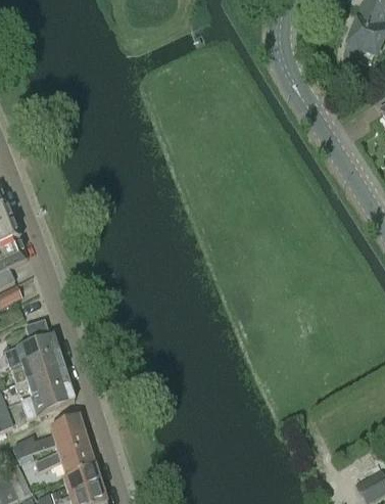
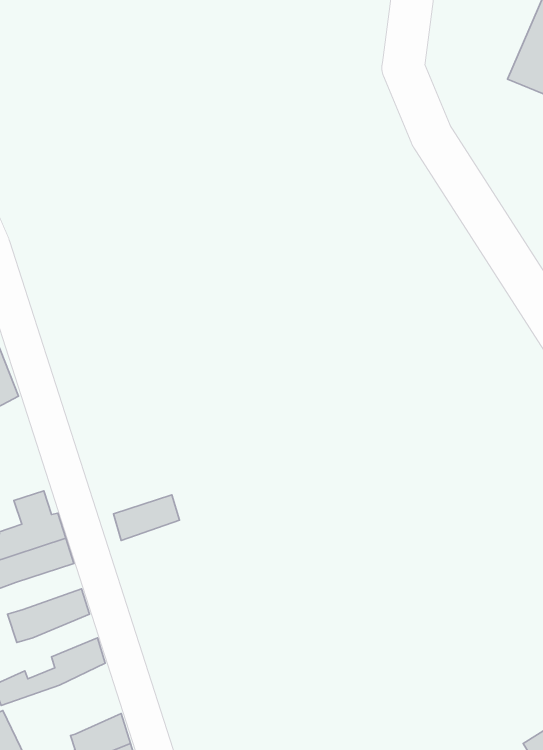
building: [27,366,69,396] -> [113,495,180,541]
building: [34,430,95,476] -> none

